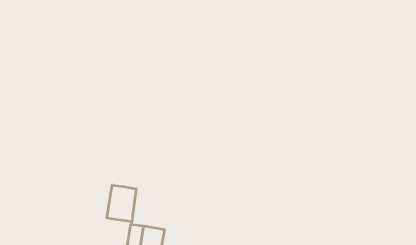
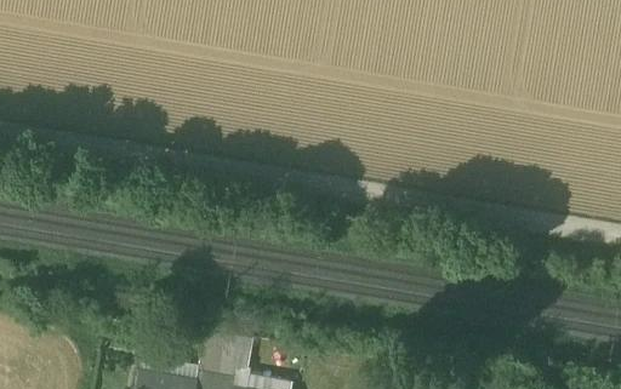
building: [107,185,136,222] -> none

